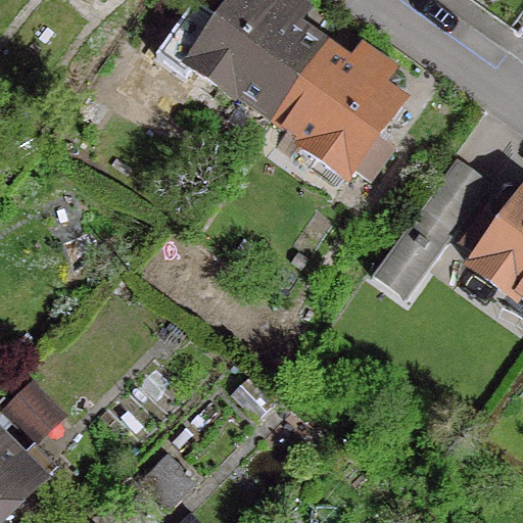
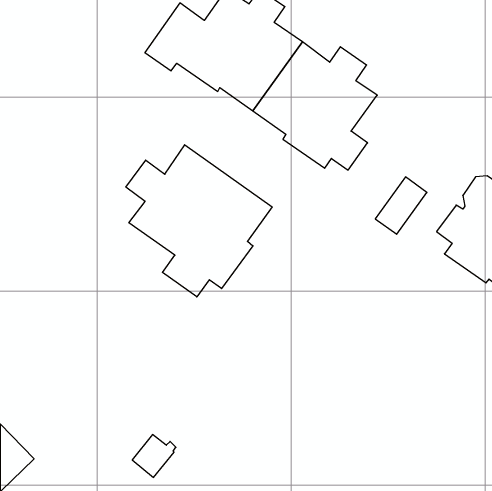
building: none -> [126,145,272,297]

